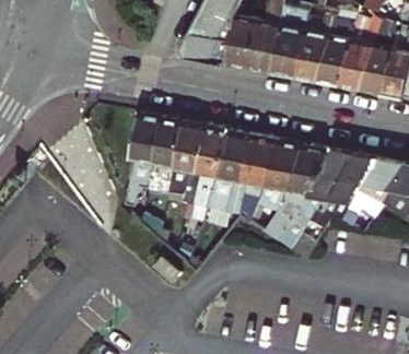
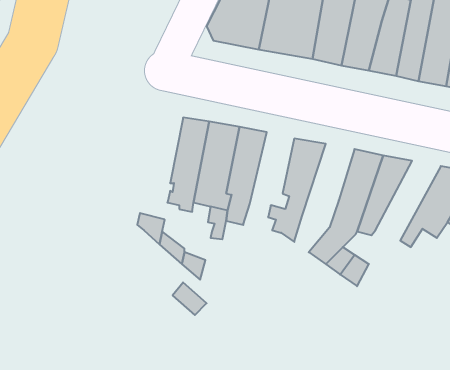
building: [131,115,163,181] -> none
building: [213,131,256,213] -> none
building: [256,141,306,232] -> none
building: [320,155,378,222] -> none

